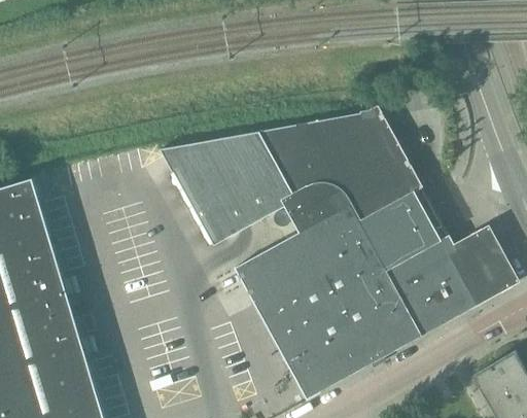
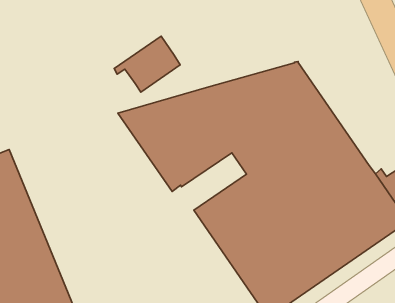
building: none -> [114,36,180,92]

